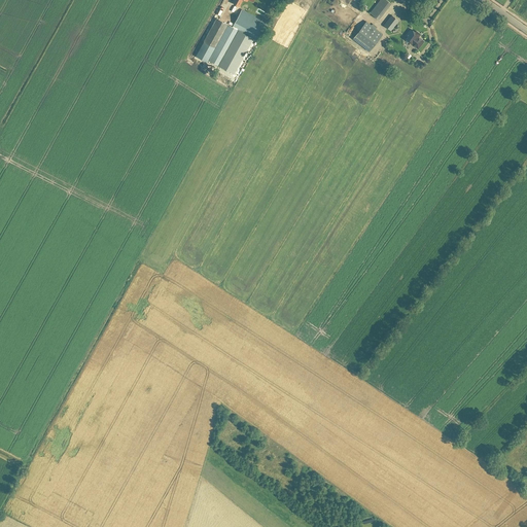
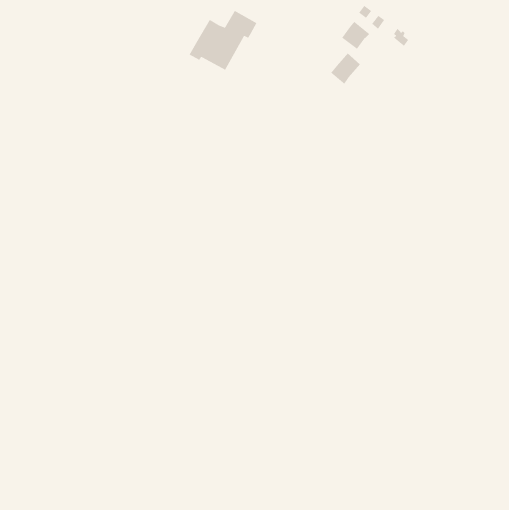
building: none -> [330,53,361,85]

